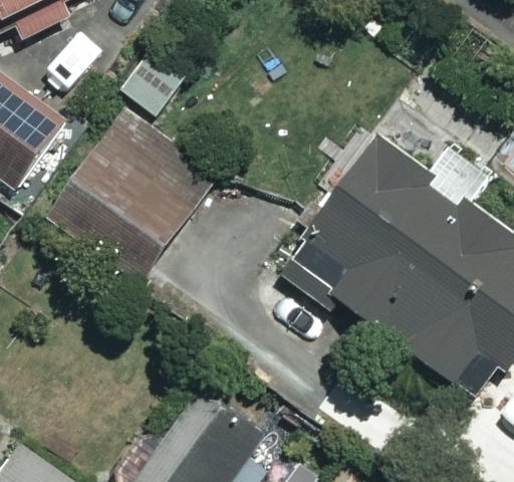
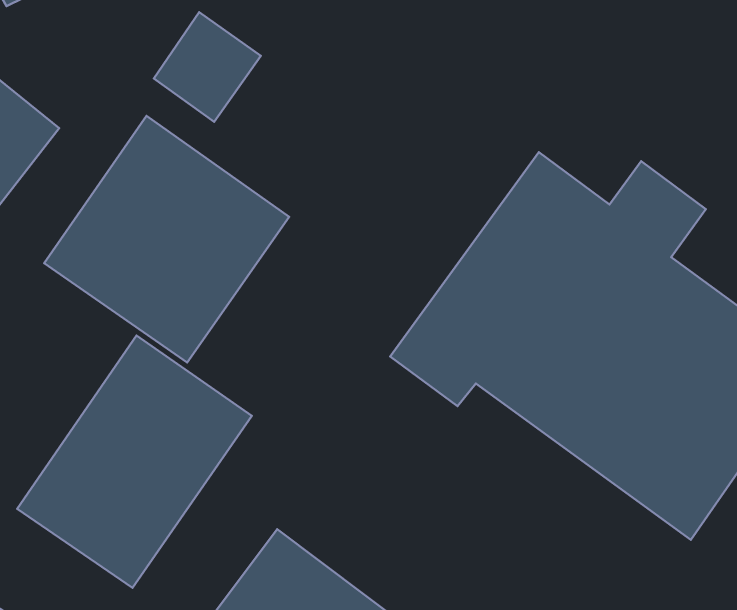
building: none -> [17,335,252,588]

